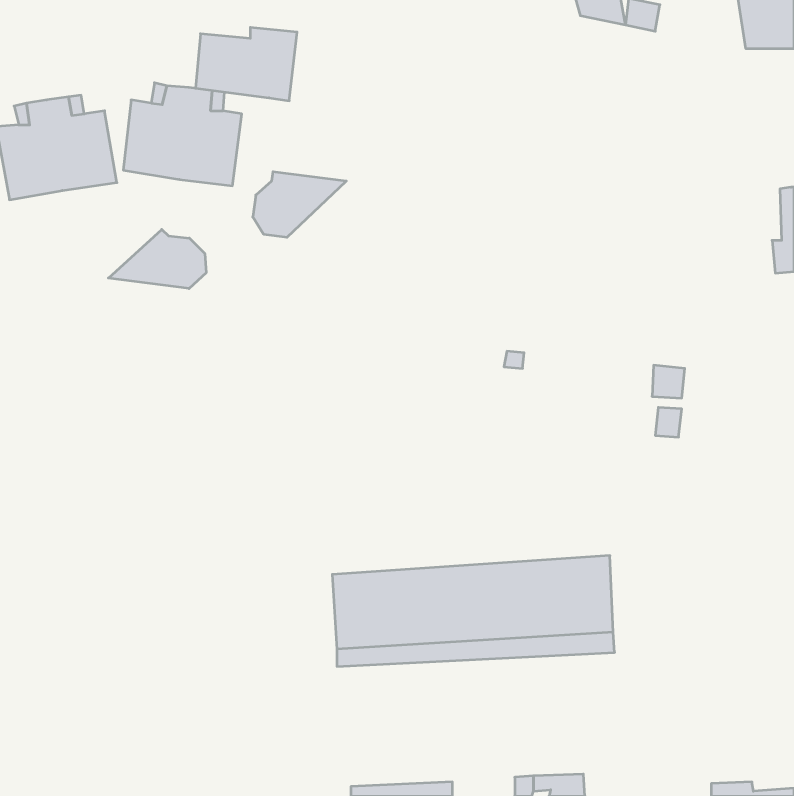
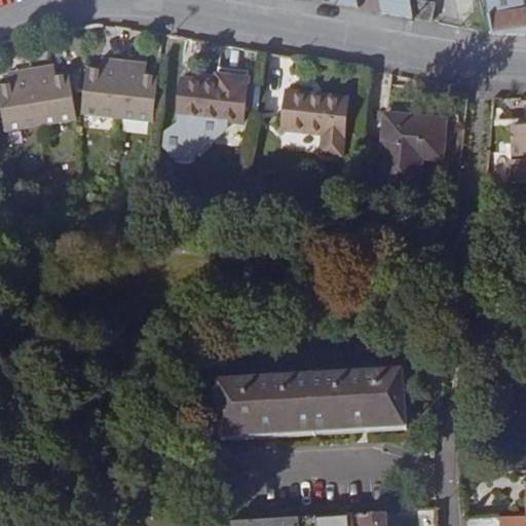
building: [196,27,297,101] -> [180,73,247,121]
building: none -> [283,91,347,156]
building: none -> [380,114,443,187]
building: [108,229,206,289] -> none

